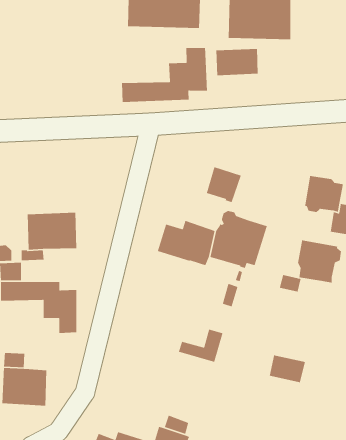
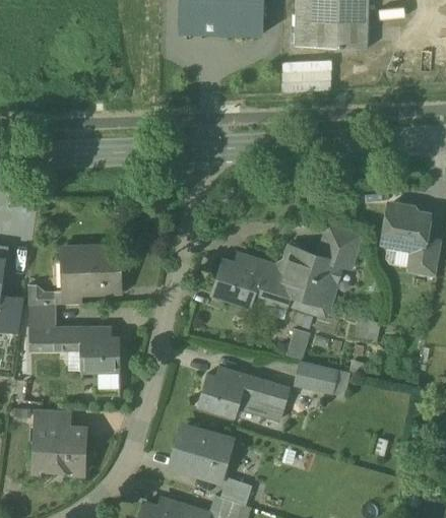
building: [121,47,208,103] -> none
building: [206,166,242,203] -> [319,224,361,267]
building: [297,240,342,283] -> none
building: none -> [199,369,272,416]
building: [269,354,306,383] -> [296,361,338,394]
building: none -> [171,428,233,479]

